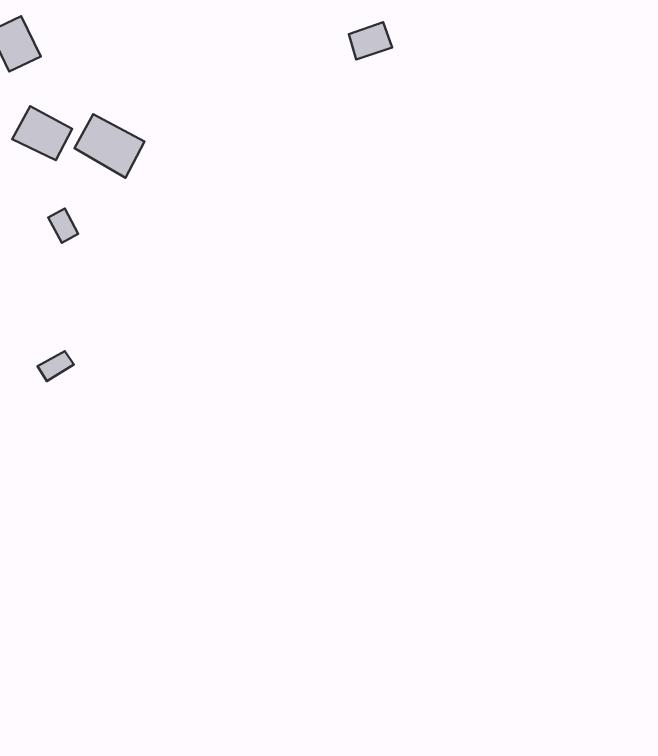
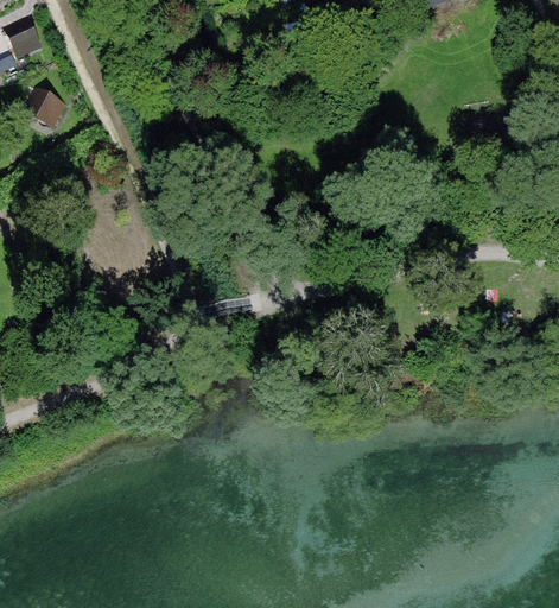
building: [75,114,144,178] -> none

